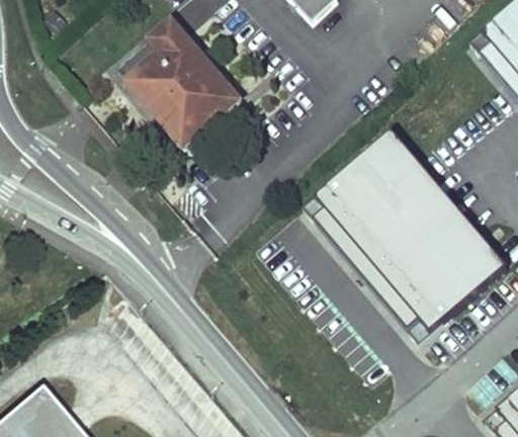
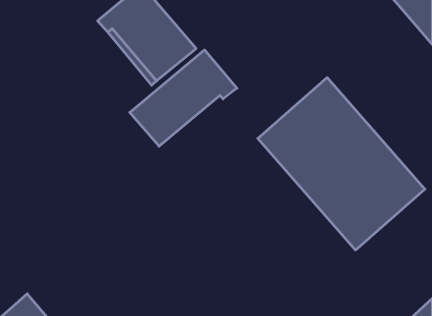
building: none -> [130,50,237,146]

